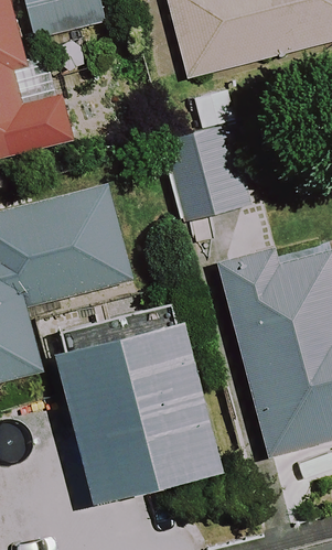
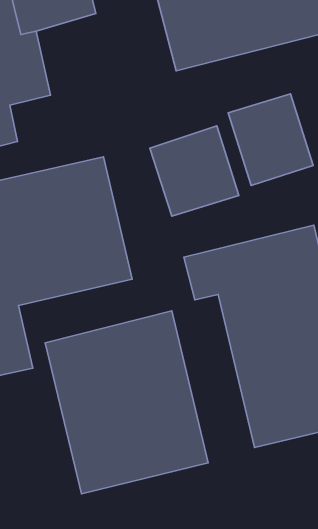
building: none -> [228,94,313,186]

